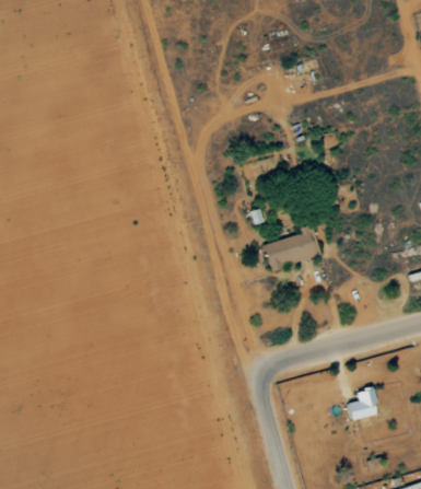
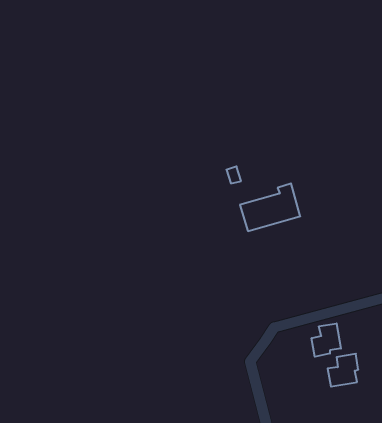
building: none -> [312,323,341,357]

